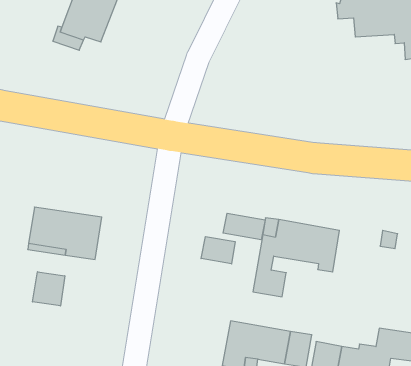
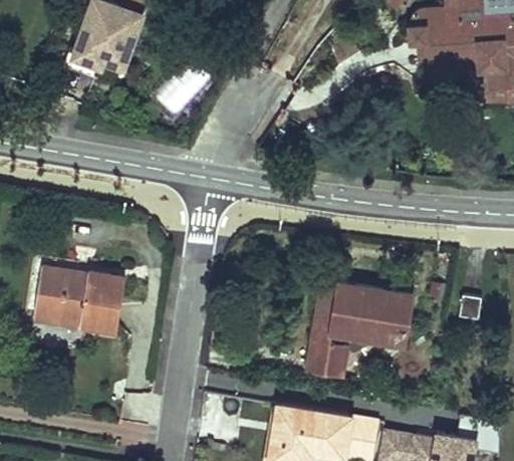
building: [223,213,265,240] -> none
building: [201,237,235,264] -> none
building: [33,272,65,306] -> none

